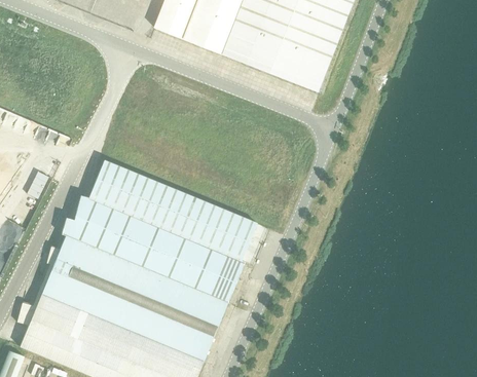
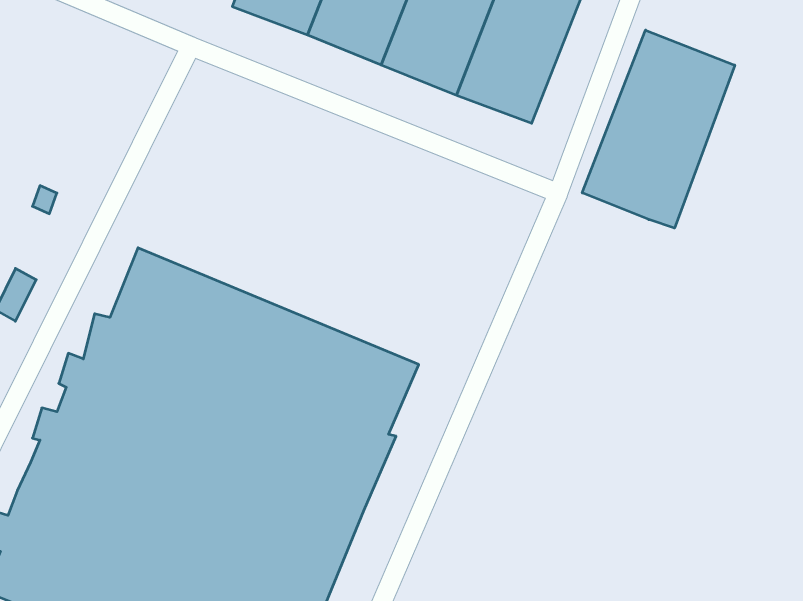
building: none -> [582,30,735,228]

